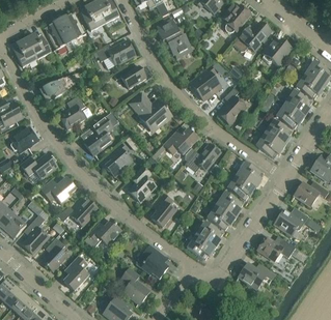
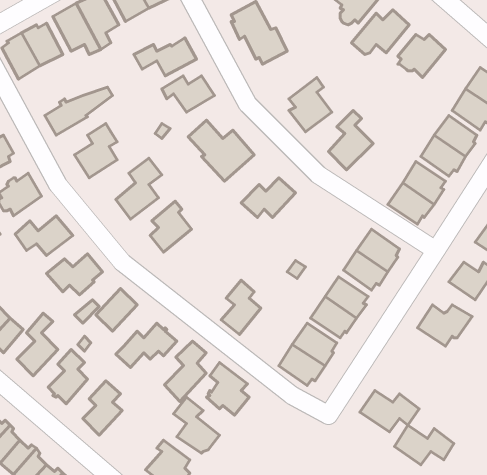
building: [185,142,220,171] -> none
building: [128,166,156,201] -> none
building: none -> [164,341,206,401]
building: [257,235,295,260] -> [394,425,454,465]

